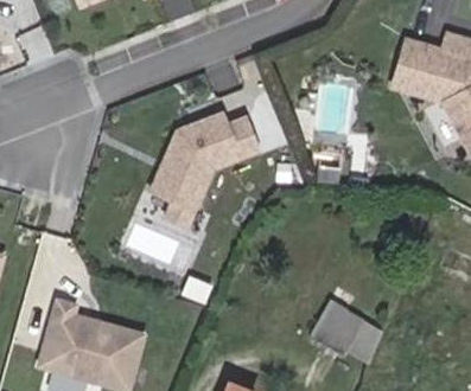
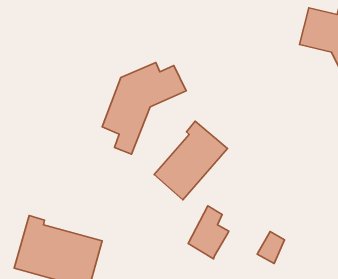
building: none -> [154,121,227,200]
building: [311,287,362,353] -> [188,206,229,259]

